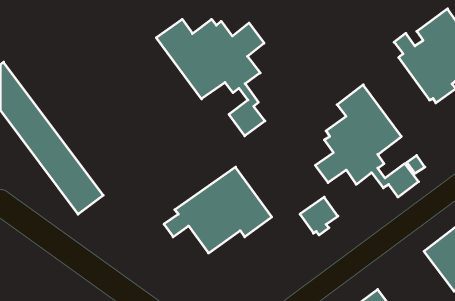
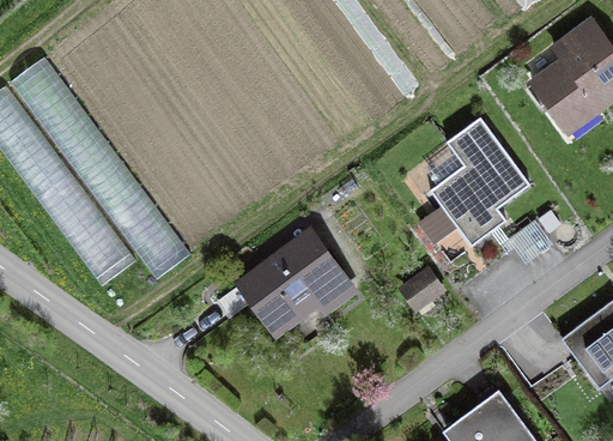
building: [156,19,265,136] -> none
building: none -> [10,56,192,280]

